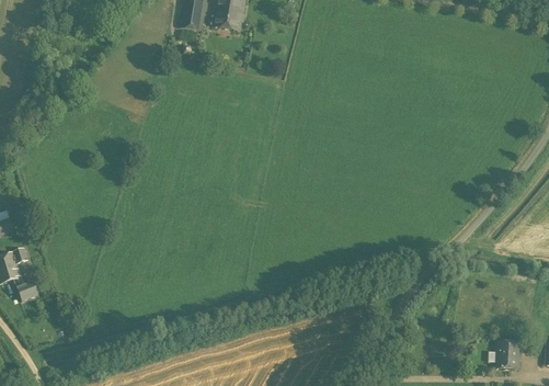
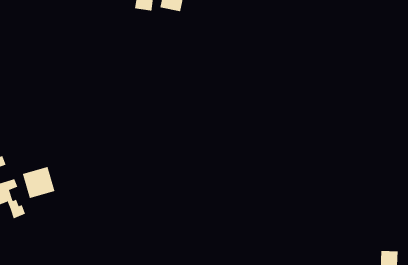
building: none -> [22,166,55,199]

